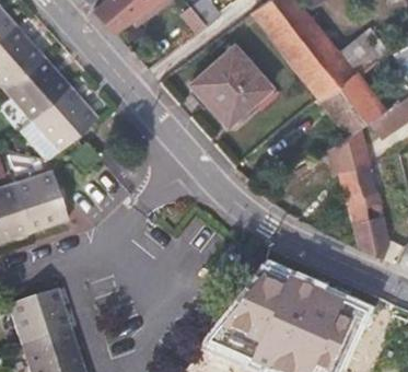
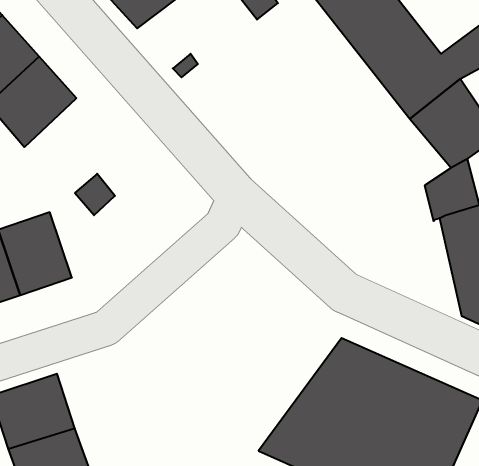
building: [191,47,270,126] -> none
building: [34,85,100,151] -> none

